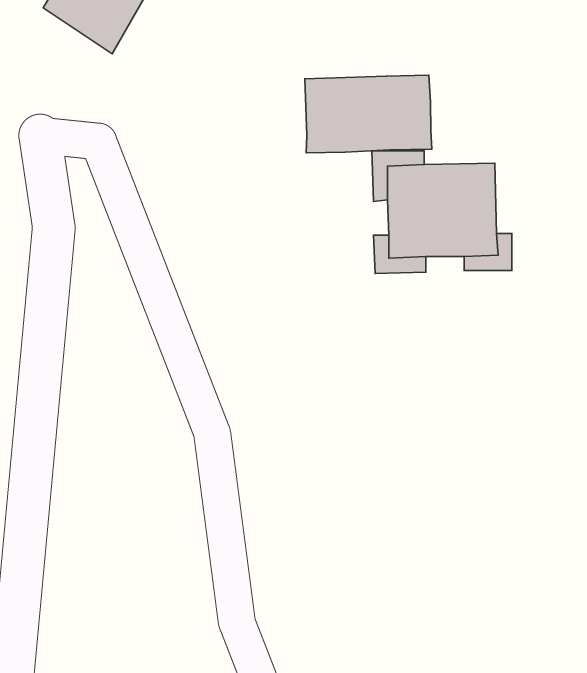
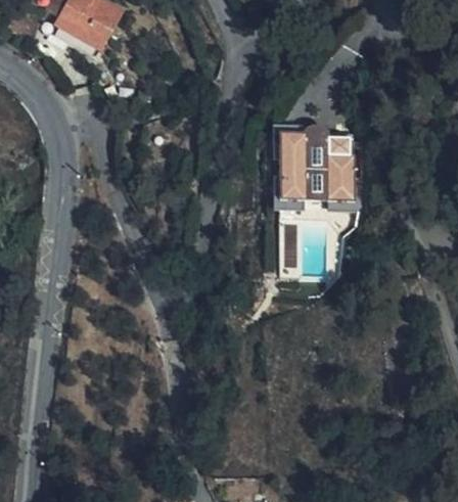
building: [305,75,432,153] -> none

